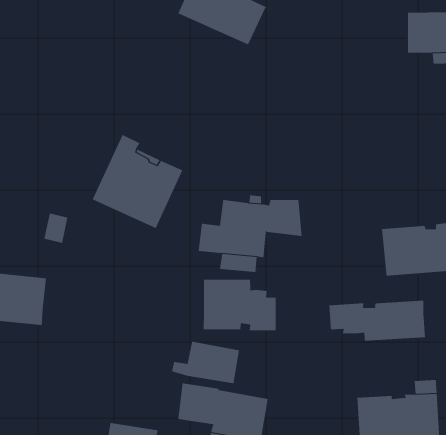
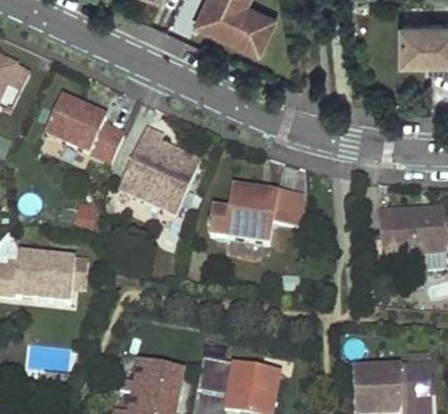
building: none -> [45,97,122,163]
building: [203,279,276,331] -> none
building: [329,300,426,341] -> none
building: [171,341,240,384] -> [120,357,182,396]

